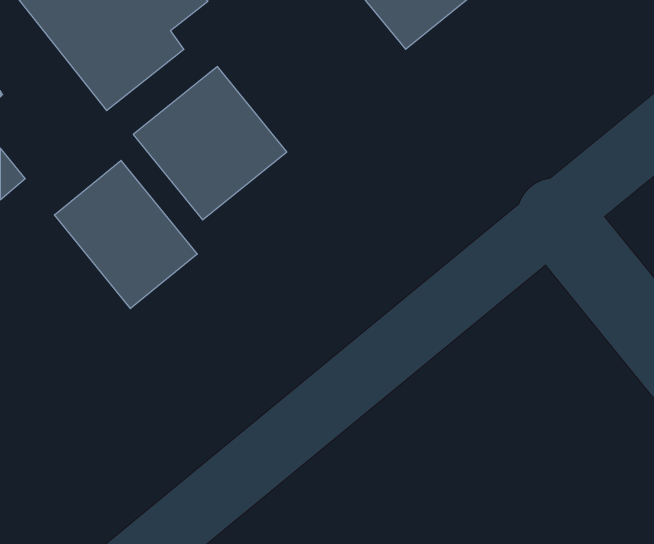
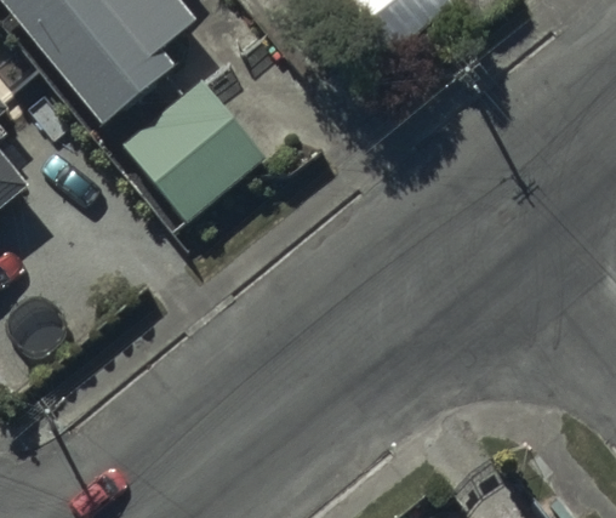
building: [54,160,197,309] -> none

